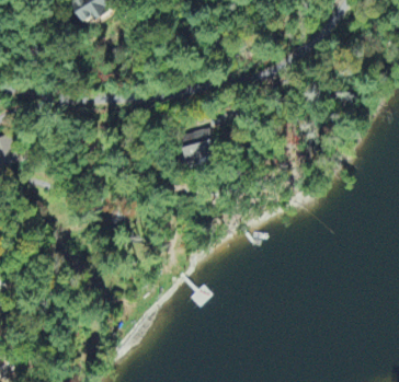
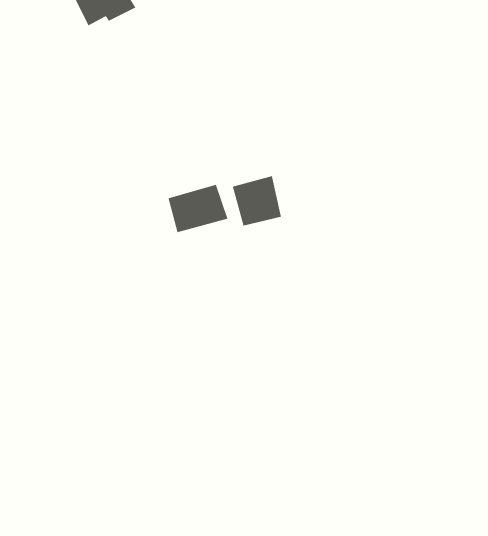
building: none -> [167,184,229,233]

